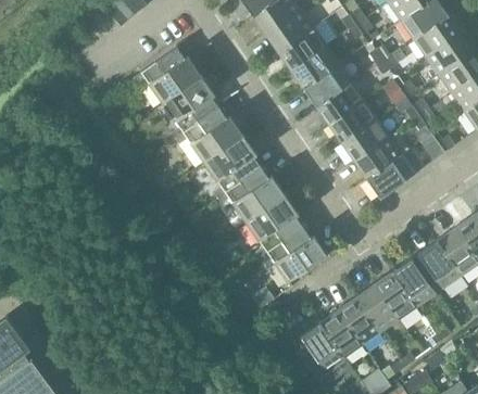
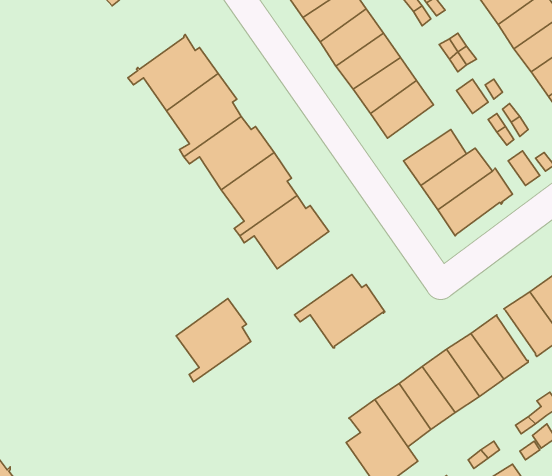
building: [329,100,377,142] -> none
building: [246,195,302,258] -> [176,298,251,382]

